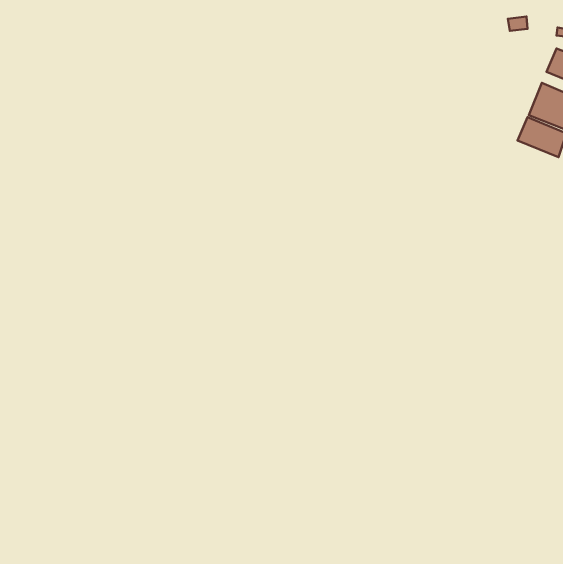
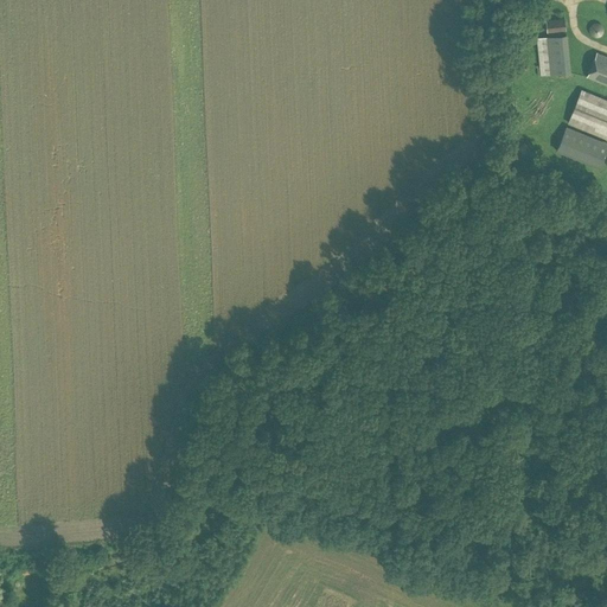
building: none -> [538,36,573,77]

